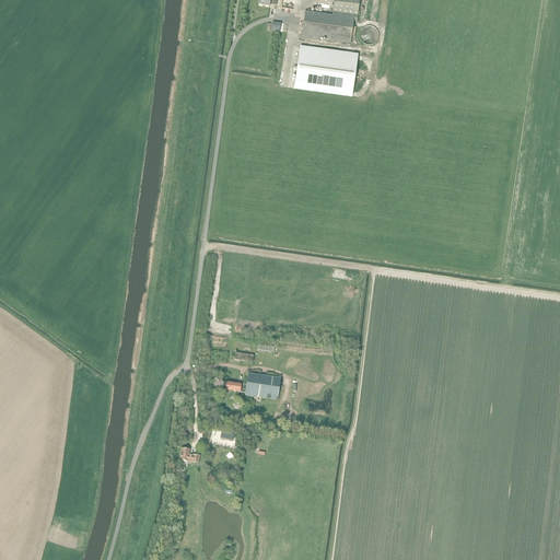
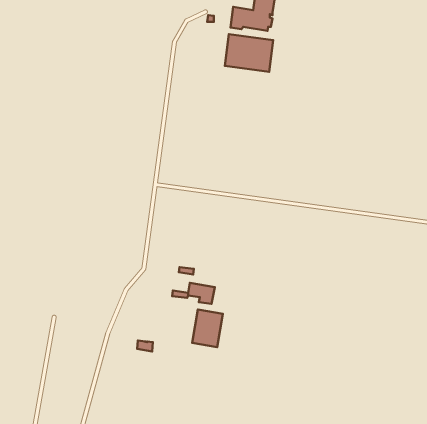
building: none -> [192,310,223,347]

